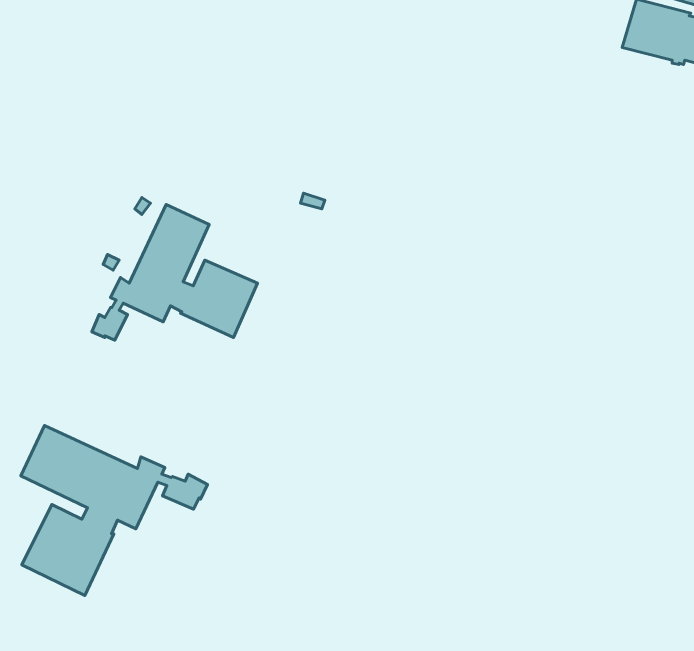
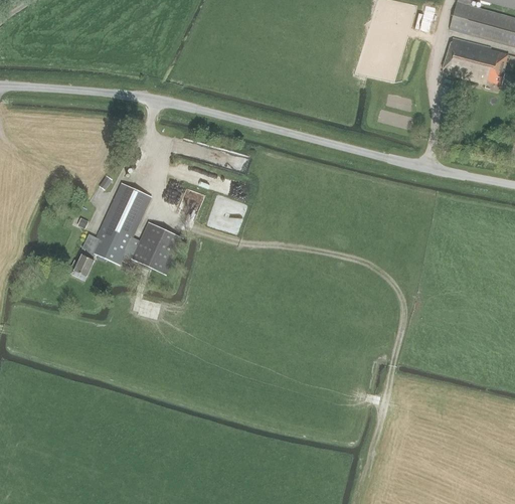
building: [21,426,208,595] -> none

